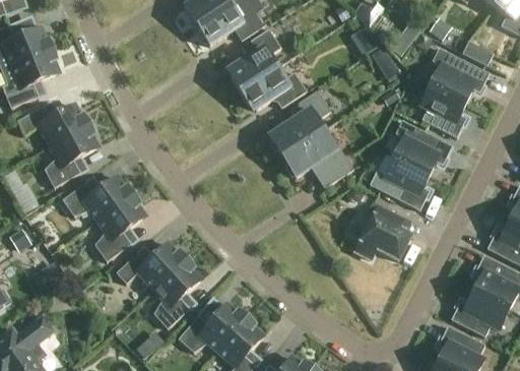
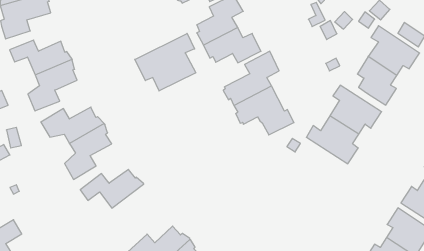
building: none -> [135,33,196,91]
building: [355,201,411,259] -> none
building: [153,258,201,328] -> none

